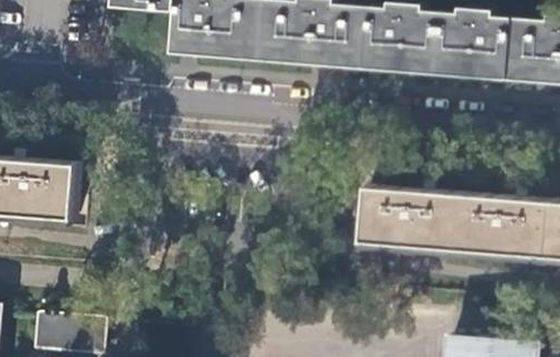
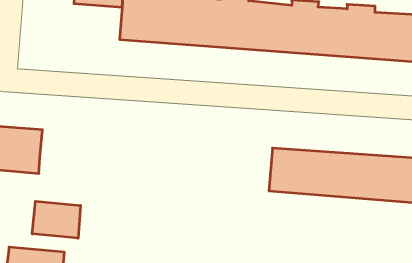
building: none -> [32,201,80,238]

